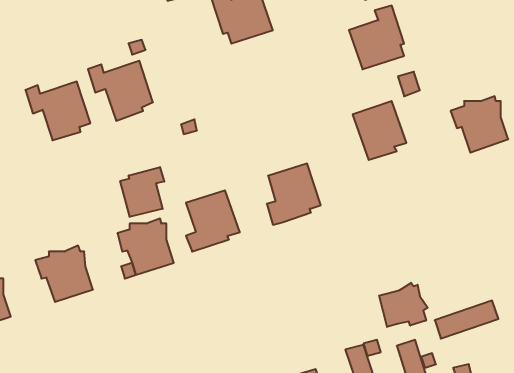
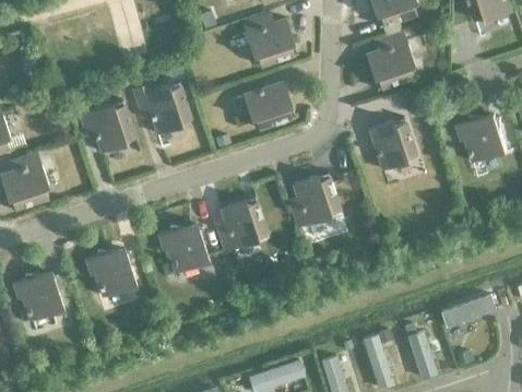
building: none -> [242,81,295,128]
building: [120,167,164,217] -> none
building: [379,283,428,327] -> none

